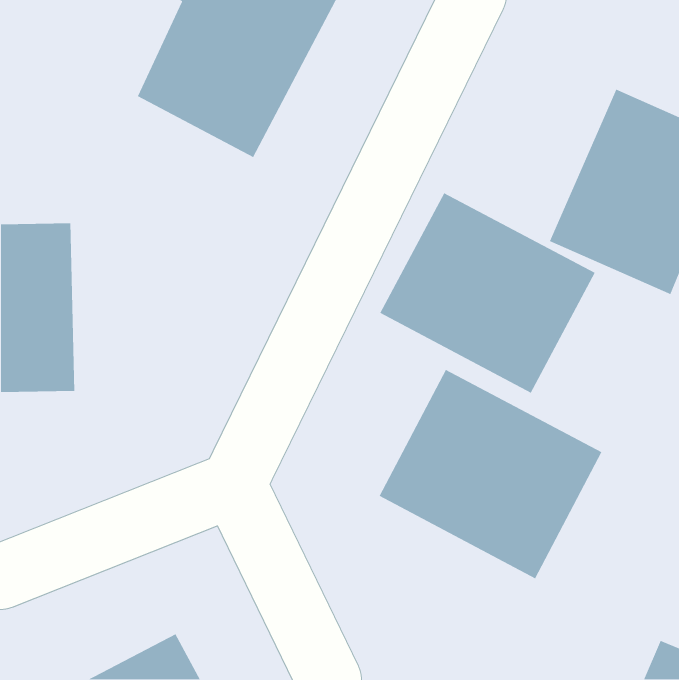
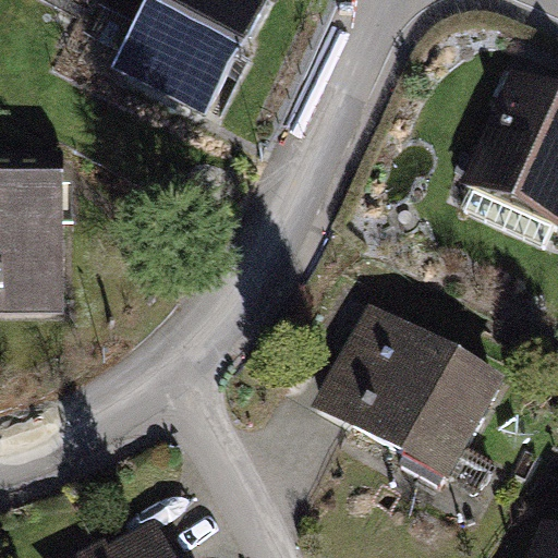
building: [379,192,596,394] -> none

